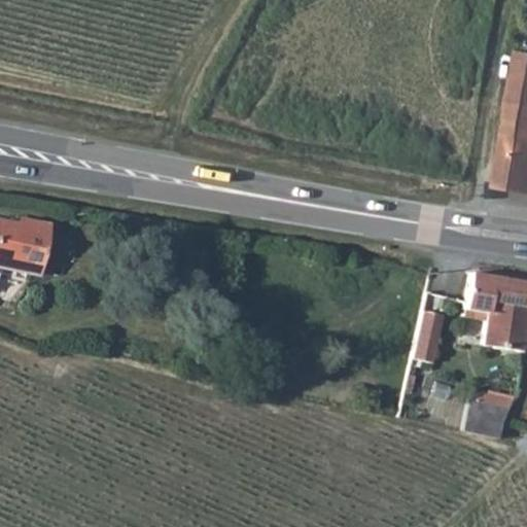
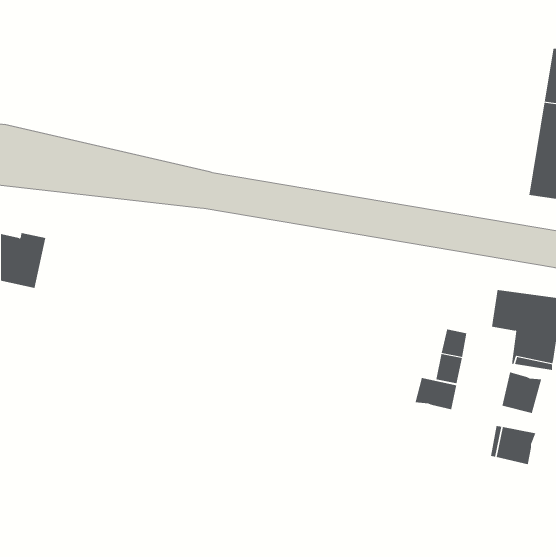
building: none -> [502,372,542,414]
building: none -> [415,377,457,410]

